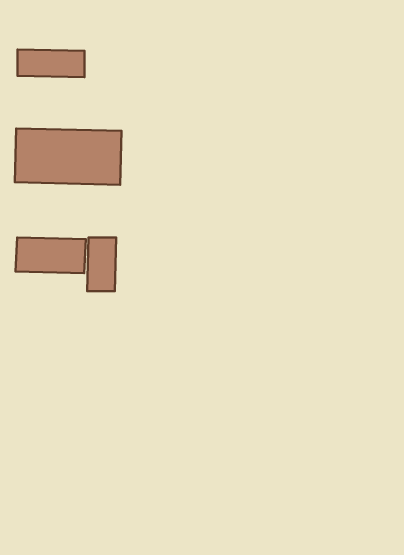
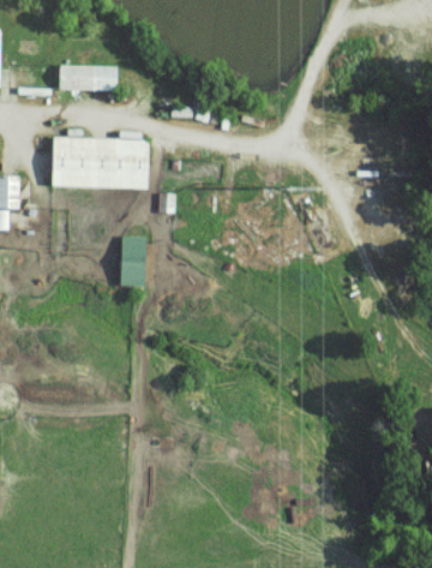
building: [16,238,86,273] -> none

